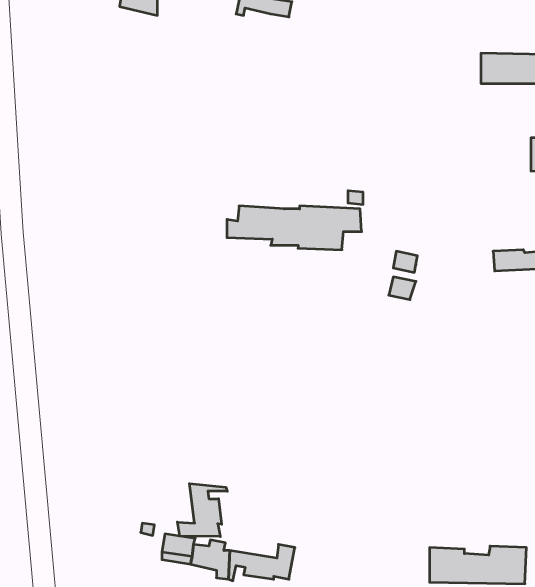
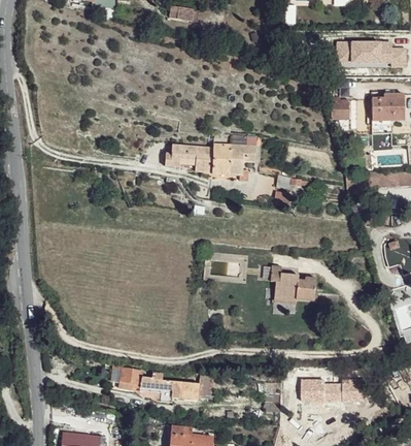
building: none -> [330,97,348,121]
building: none -> [270,264,314,300]
building: [177,484,227,537] -> none

